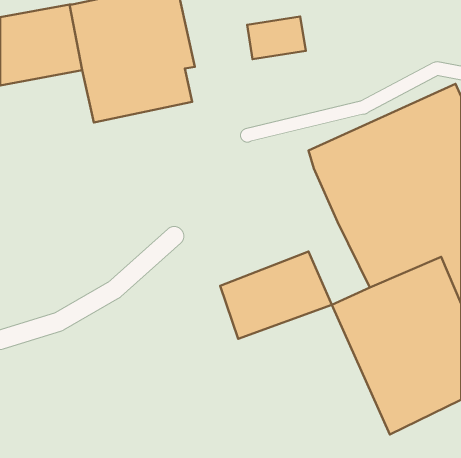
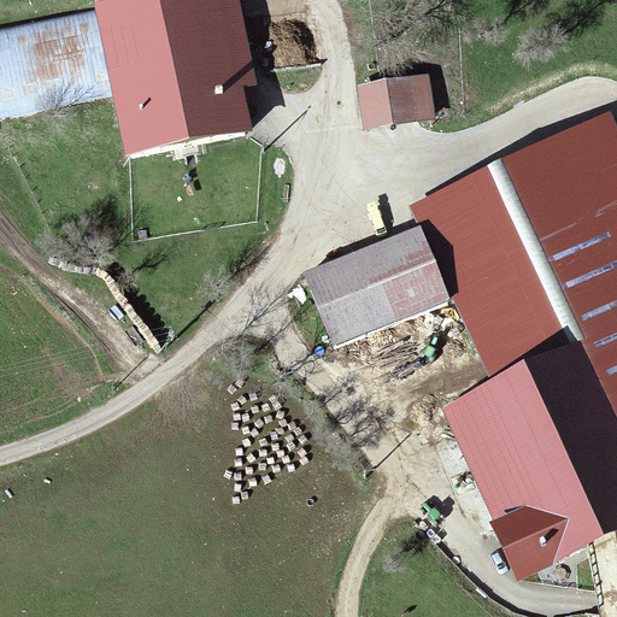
building: [247,17,306,59] -> [358,74,436,130]
building: [220,252,332,339] -> [301,225,451,342]

